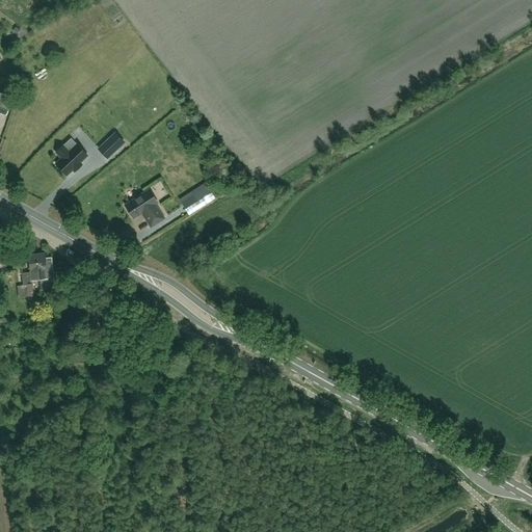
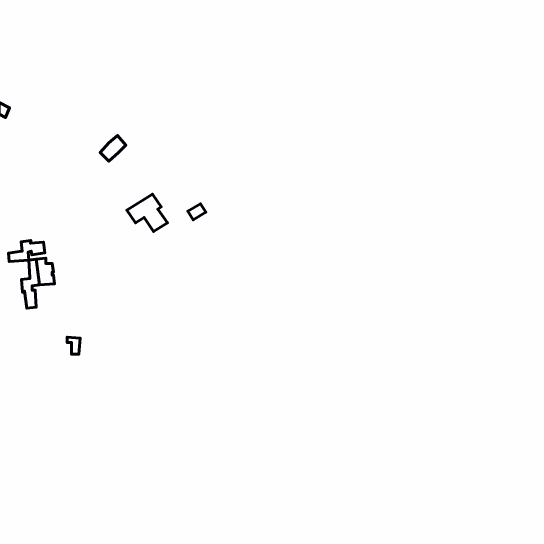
building: [55,143,86,175] -> none
building: none -> [9,241,45,262]

